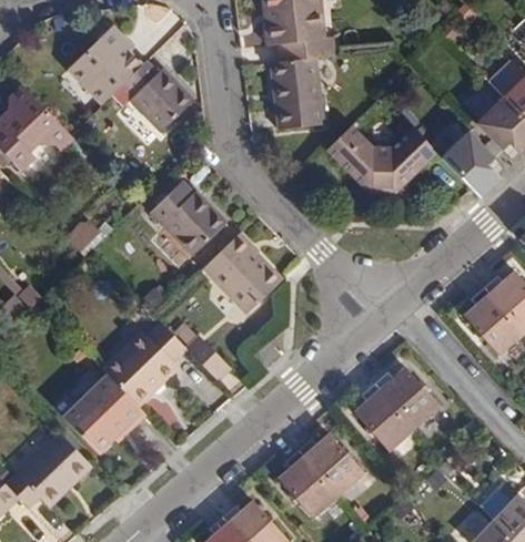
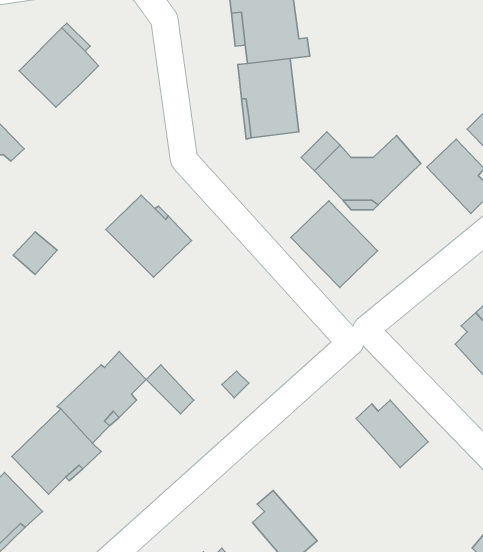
building: [123,61,193,133] -> none
building: [202,235,281,314] -> [291,201,378,287]
building: [357,385,416,450] -> none
building: [301,433,367,495] -> none

